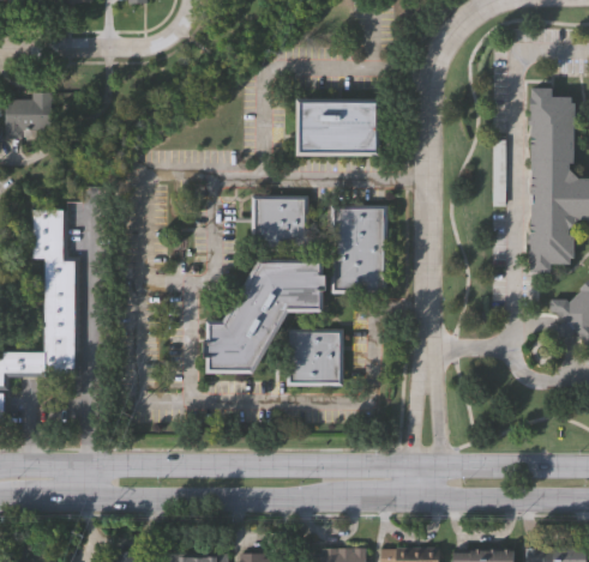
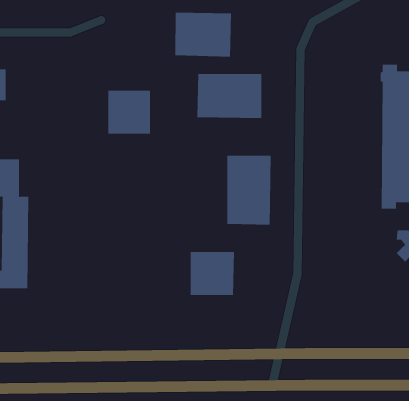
building: none -> [175,12,232,58]
building: [252,193,307,249] -> [108,90,151,134]
building: [204,261,325,375] -> none

